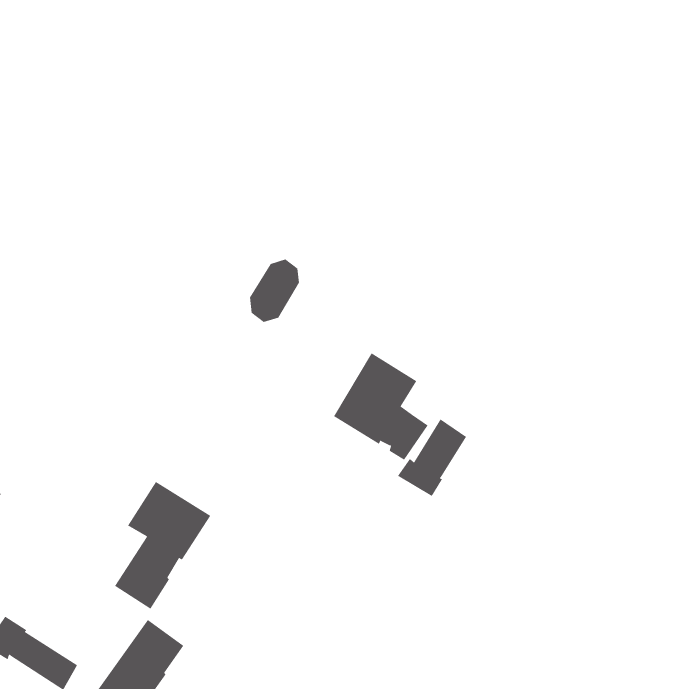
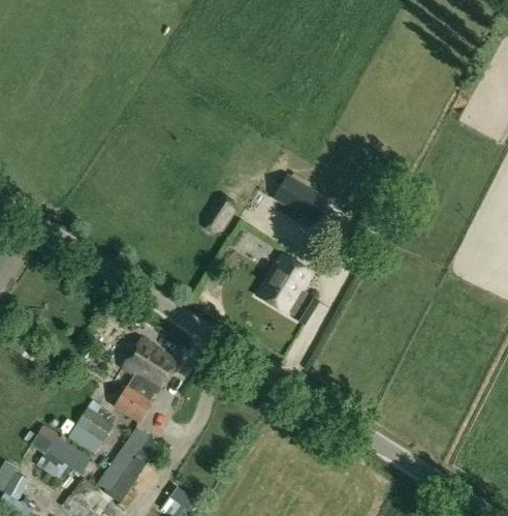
building: none -> [273,175,327,223]
building: [397,418,467,497] -> none
building: none -> [68,398,114,452]

